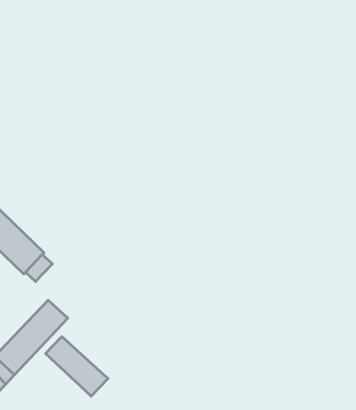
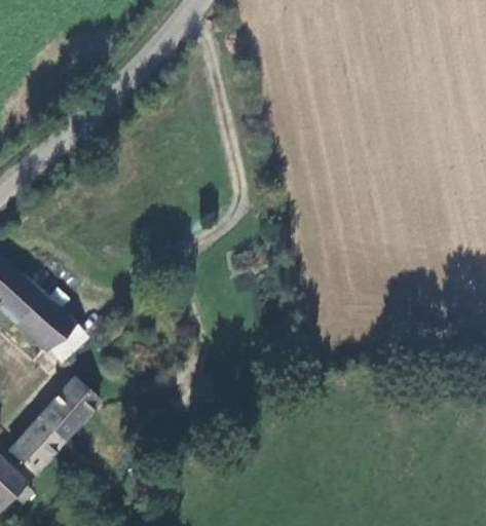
building: [46,337,108,396] -> none

